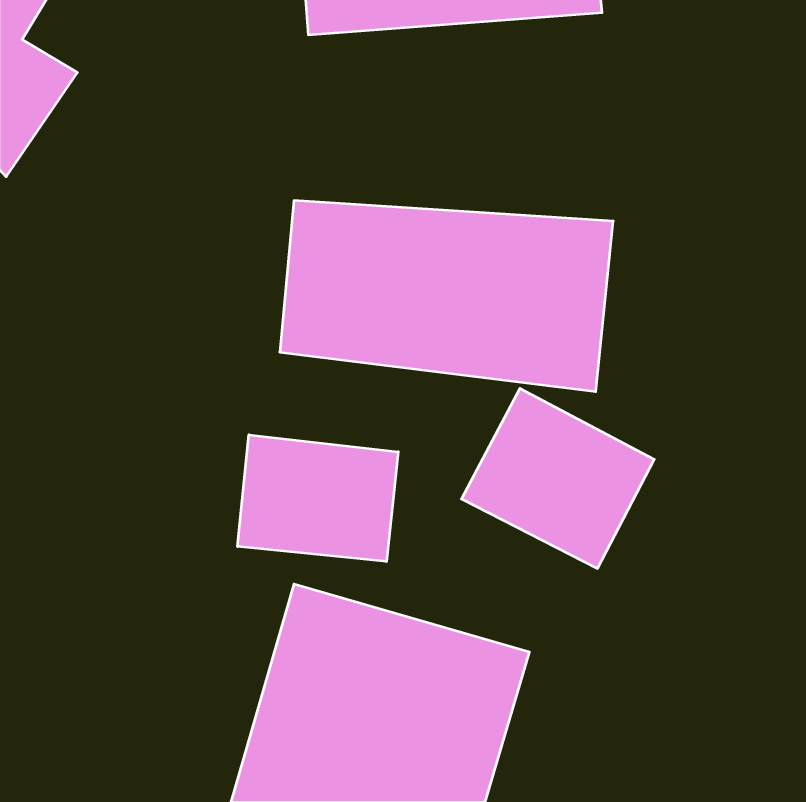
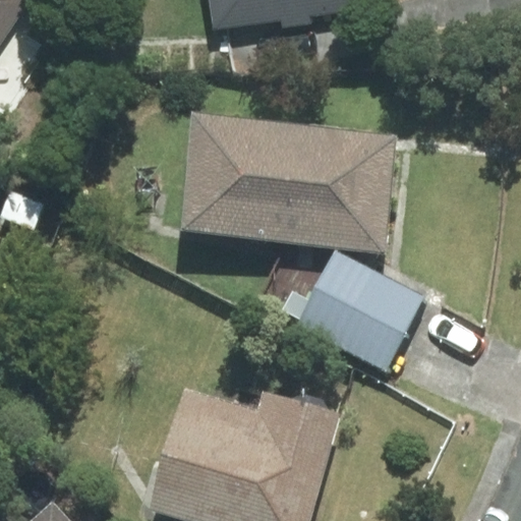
building: [238,435,398,562] -> none

